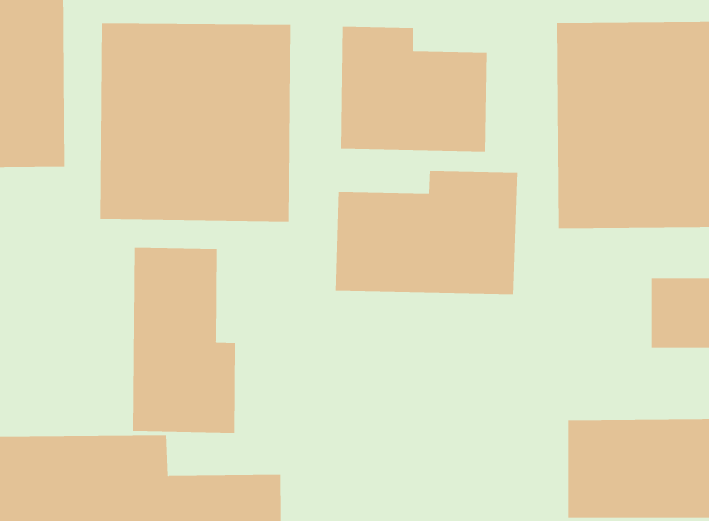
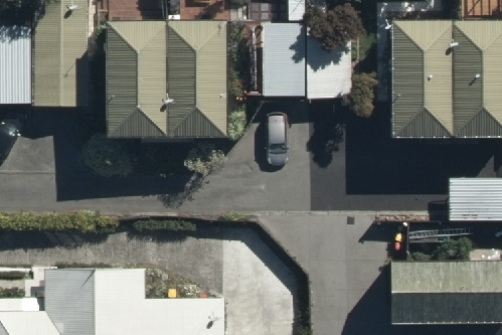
building: [335,170,518,295] -> none
building: [132,247,236,434] -> none

